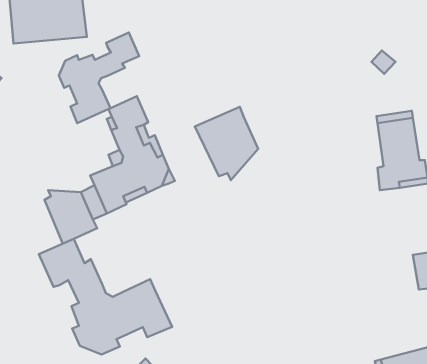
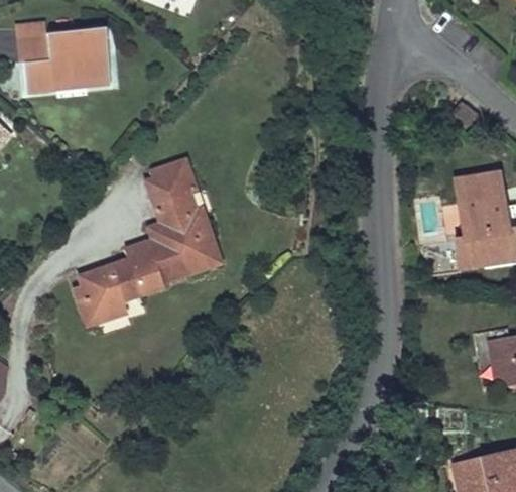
building: [59,32,139,123] -> none
building: [195,107,258,180] -> none
building: [39,239,172,354] -> none

